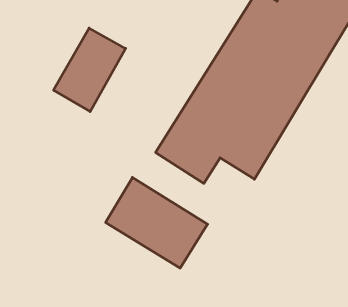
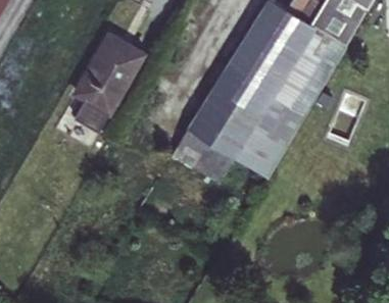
building: [106,177,208,268] -> none

